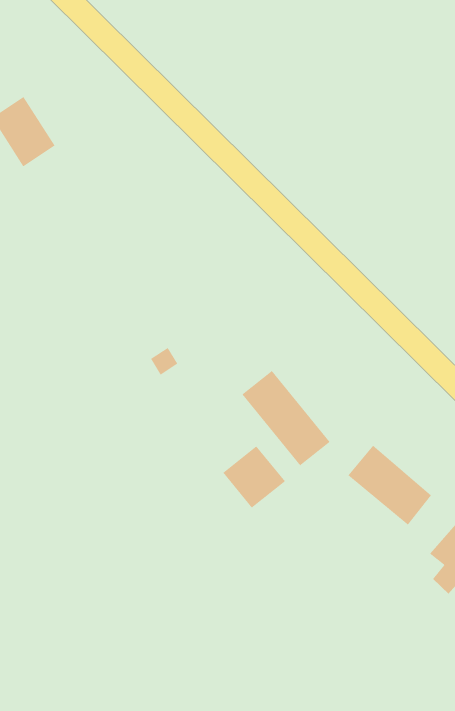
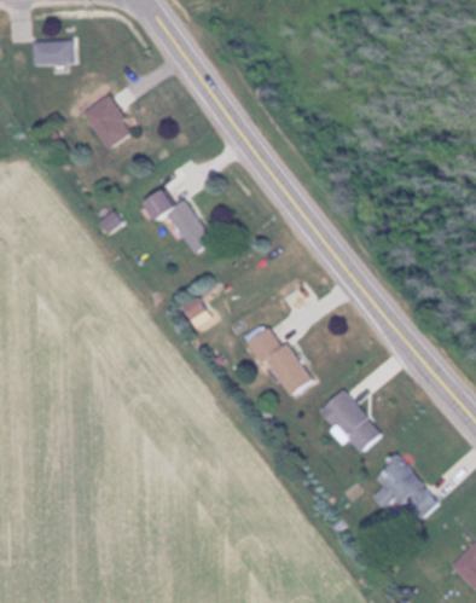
building: none -> [153,186,211,255]
building: [222,445,286,508] -> none

